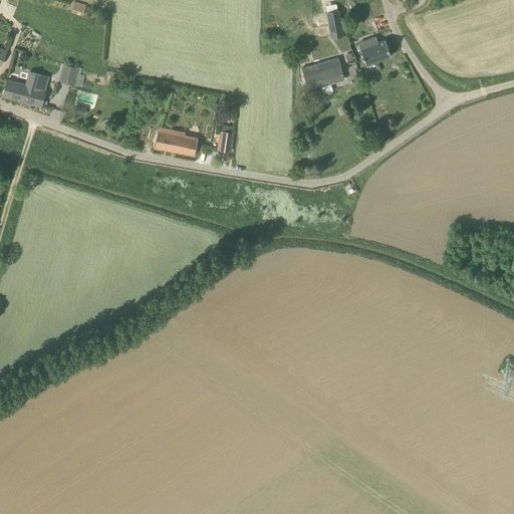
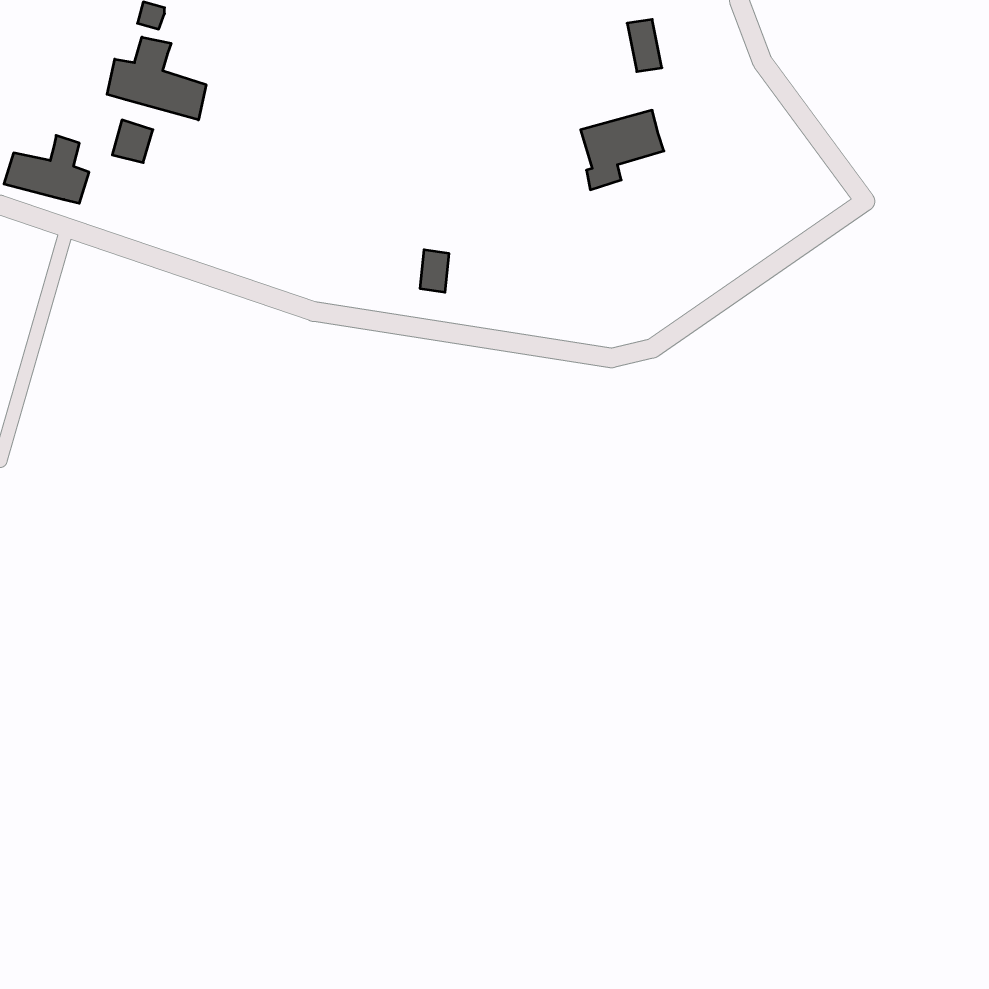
building: none -> [107,37,206,120]
building: [361,36,393,66] -> none
building: [153,128,198,155] -> none

